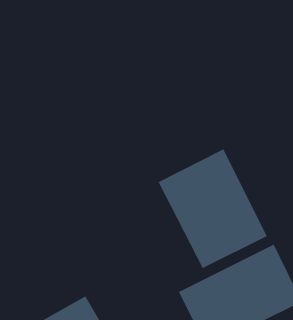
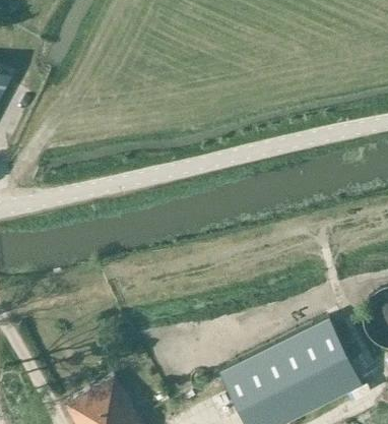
building: [158,149,268,269] -> none

